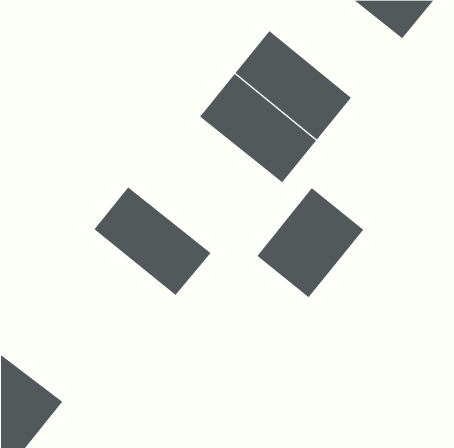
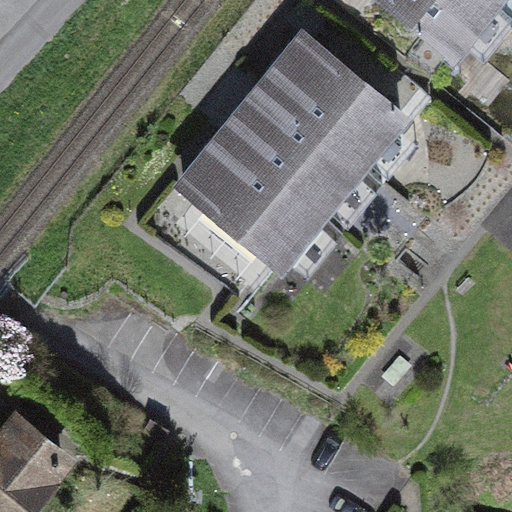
building: [93,186,212,296] -> [185,138,318,261]
building: [256,187,364,298] -> none

